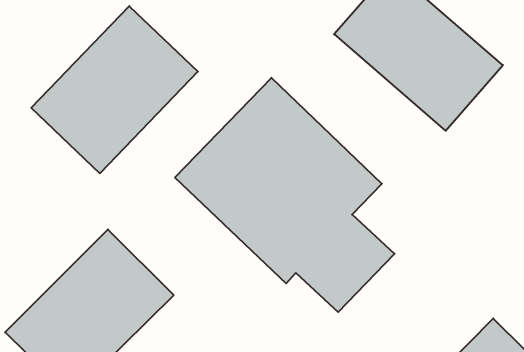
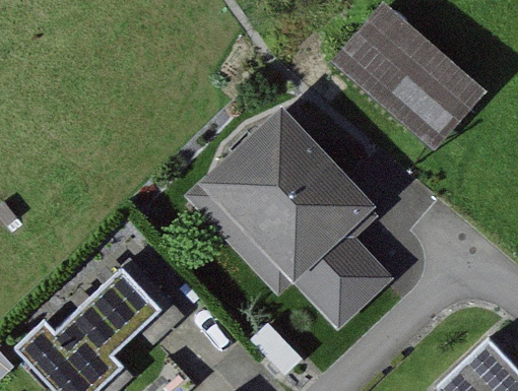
building: [31,6,198,173] -> none

